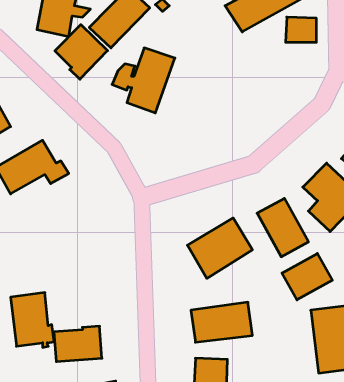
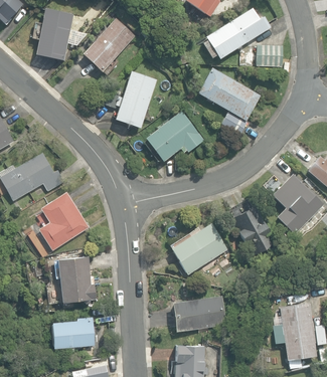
building: [55,25,108,79] -> none
building: none -> [196,66,262,120]
building: none -> [145,110,204,160]
building: none -> [40,192,90,250]
building: [282,253,332,300] -> none
building: [11,293,54,347] -> [58,255,97,304]

